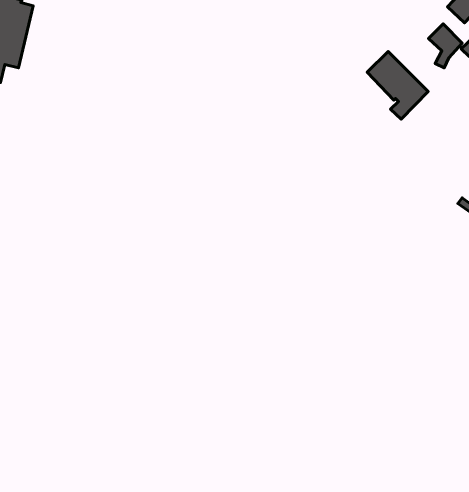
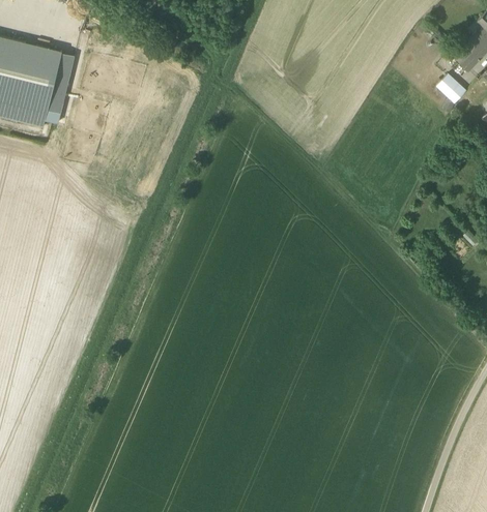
building: [367,51,428,119] -> none

